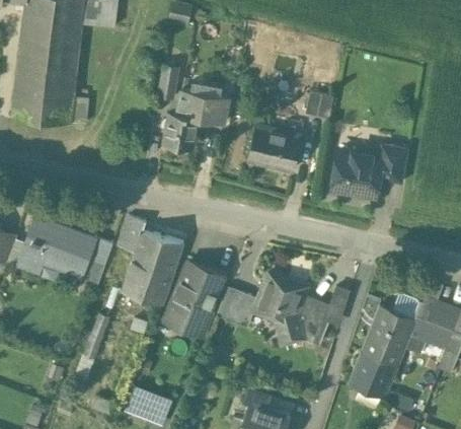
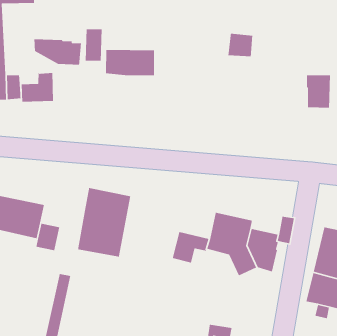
building: none -> [33,38,82,65]
building: none -> [21,72,54,103]
building: [162,112,200,148] -> none
building: [247,123,302,172] -> none
building: [331,150,382,196] -> none
building: [118,217,144,252] -> none
building: [164,261,223,335] -> none

